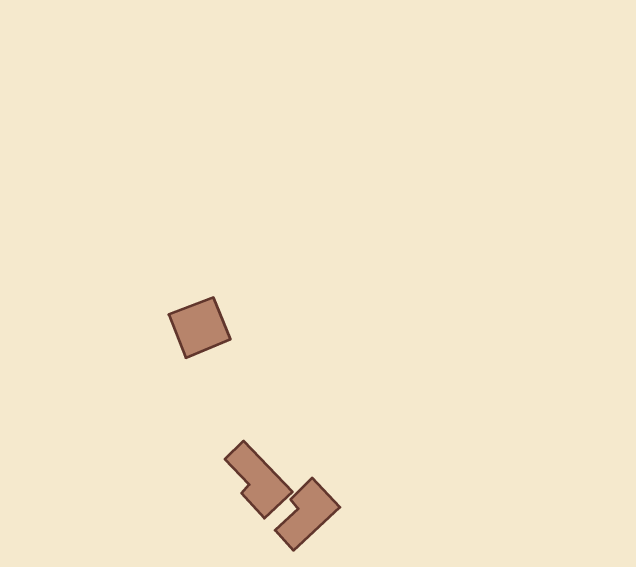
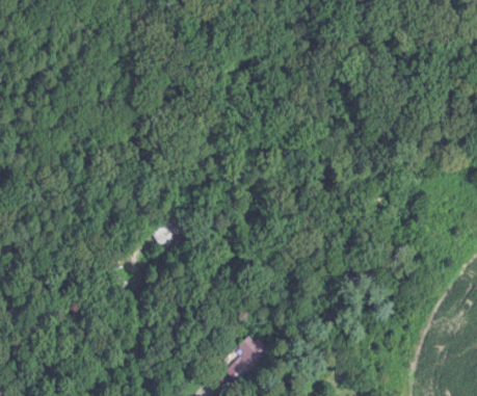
building: [225,441,292,518] -> none

